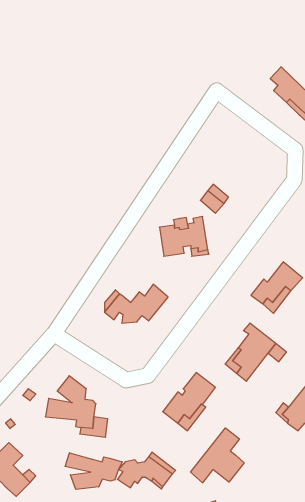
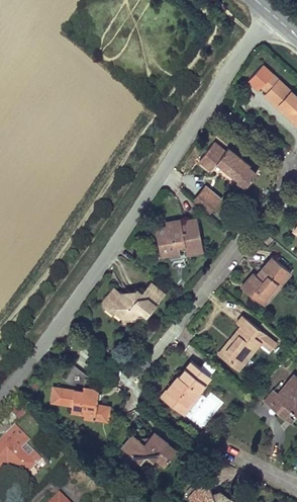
building: none -> [202,142,259,187]
building: [191,428,244,483] -> none
building: [65,453,122,489] -> none

